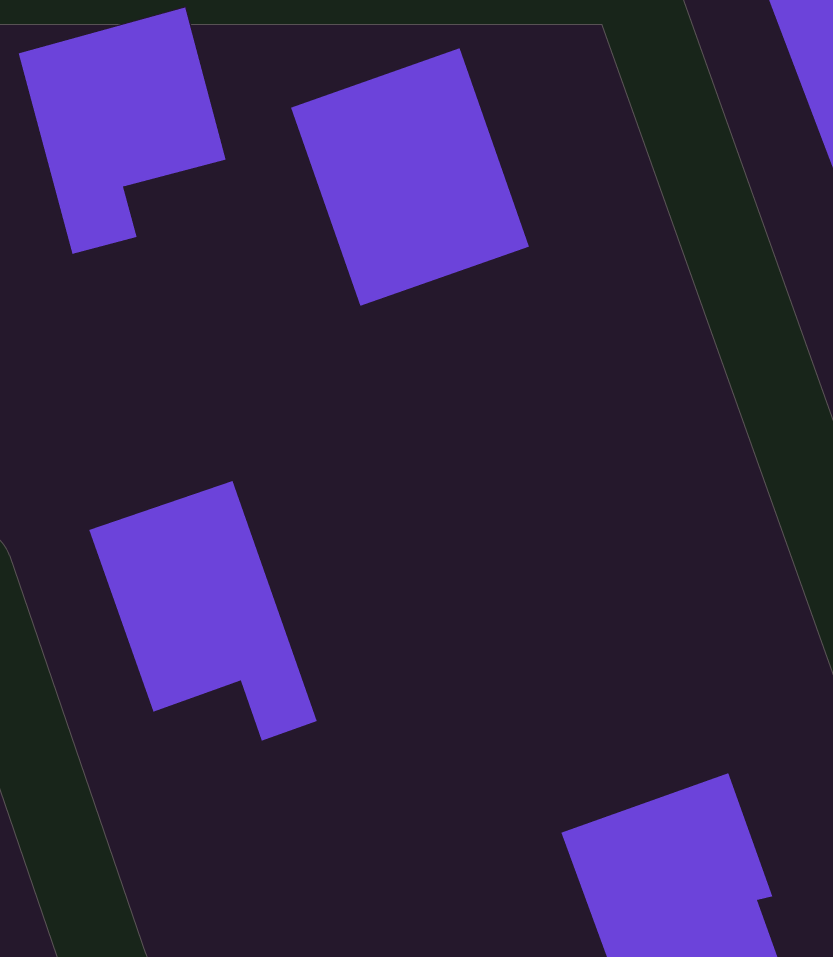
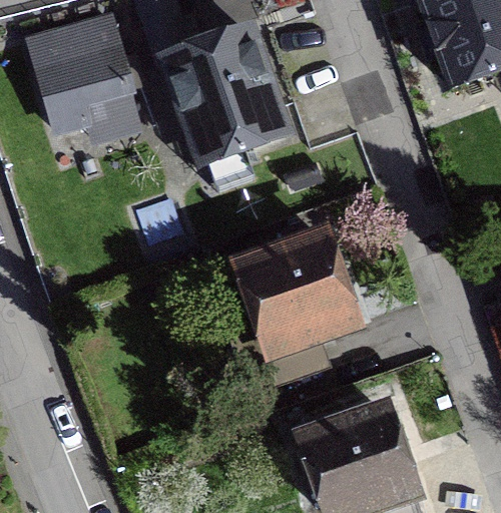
building: none -> [227,230,358,362]
building: [89,480,318,741] -> none

